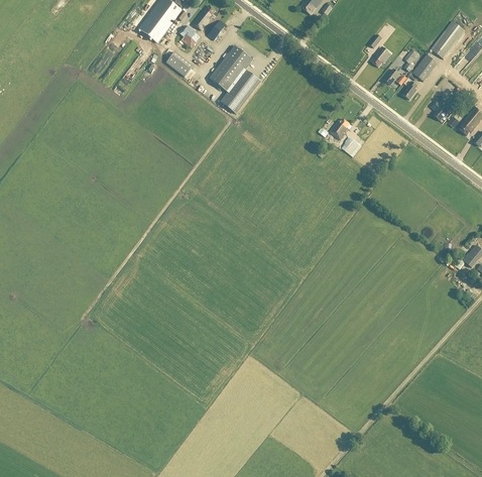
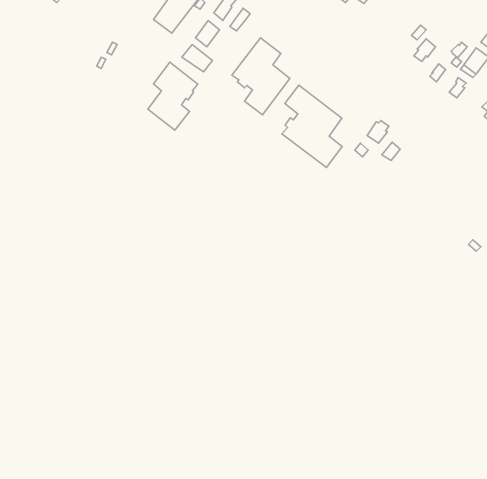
building: none -> [148,62,198,130]
building: none -> [282,85,342,168]

